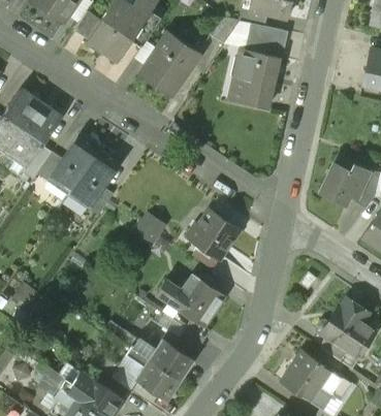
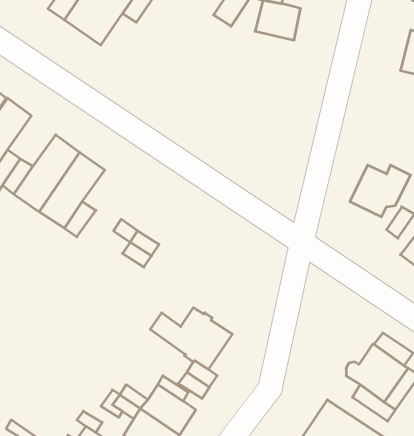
building: [138,33,199,97] -> none
building: [229,49,277,106] -> none
building: [193,209,239,257] -> none

